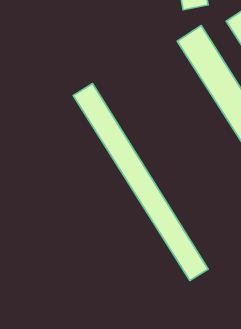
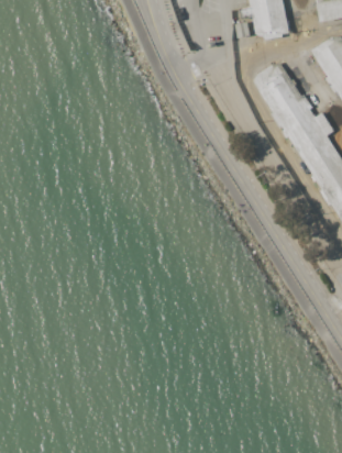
building: [73,84,208,281] -> none

